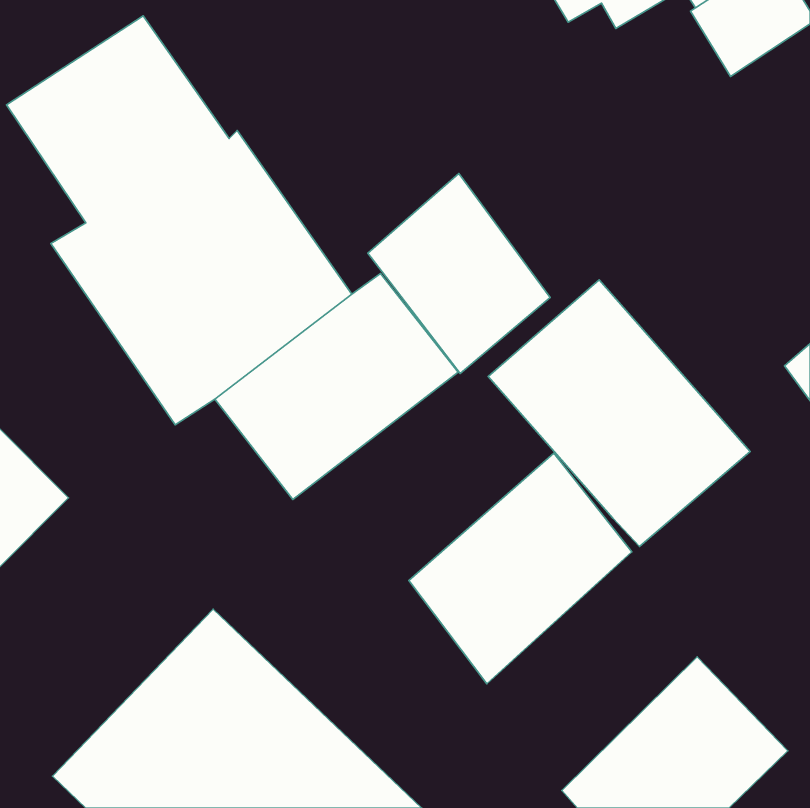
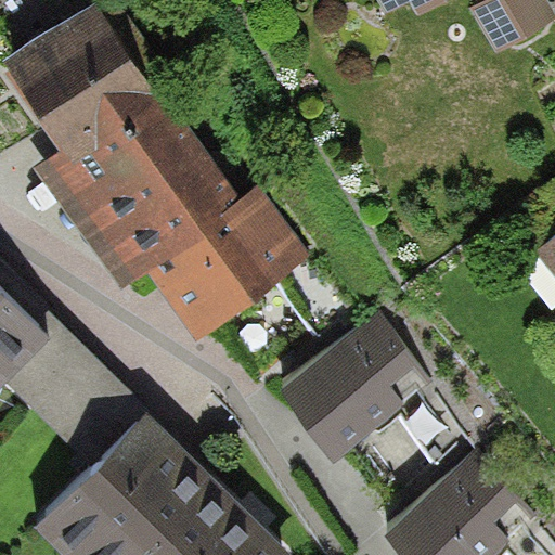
building: [368,174,550,373] -> none
building: [488,280,750,546] -> none

